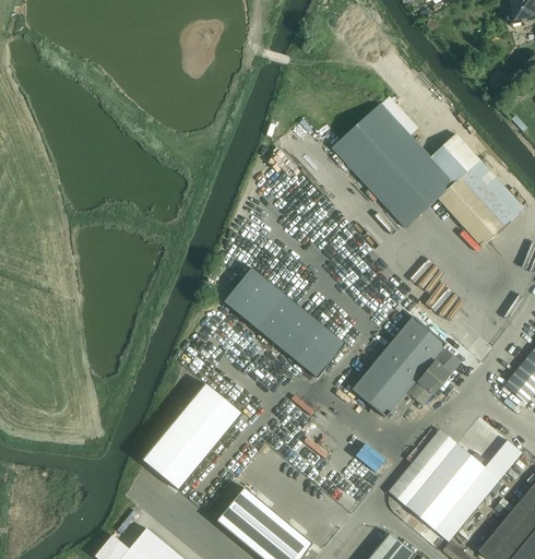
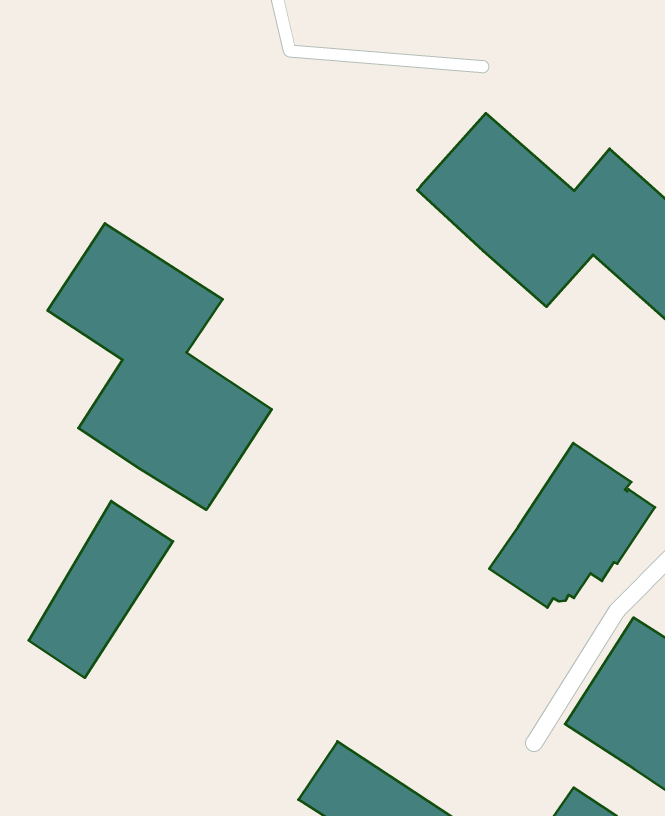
building: none -> [48,223,272,510]
building: [225,267,346,378] -> none
building: [141,381,238,490] -> [29,501,173,678]

